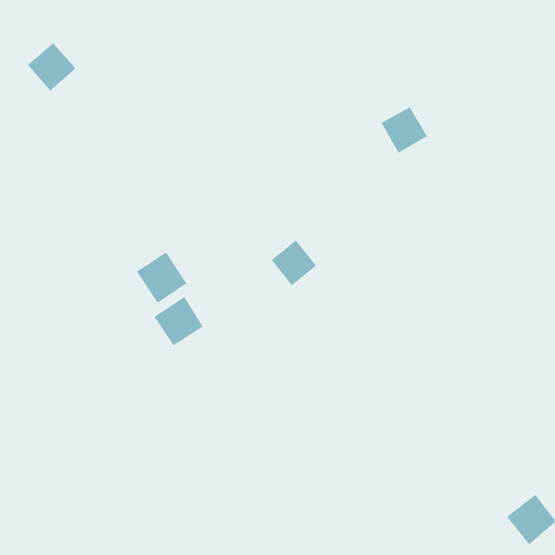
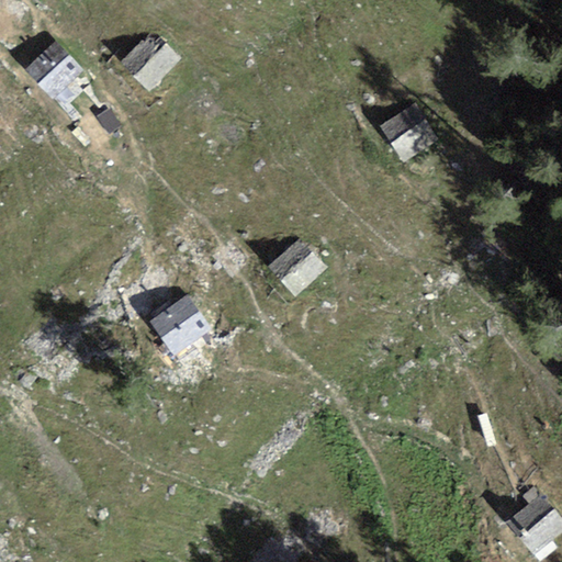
building: none -> [126,37,171,82]
building: [136,252,187,303] -> none

